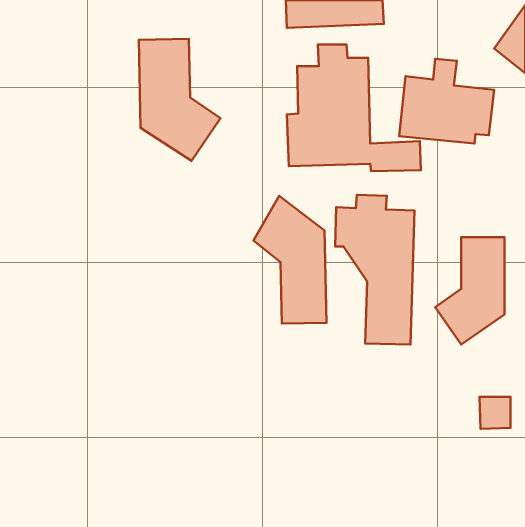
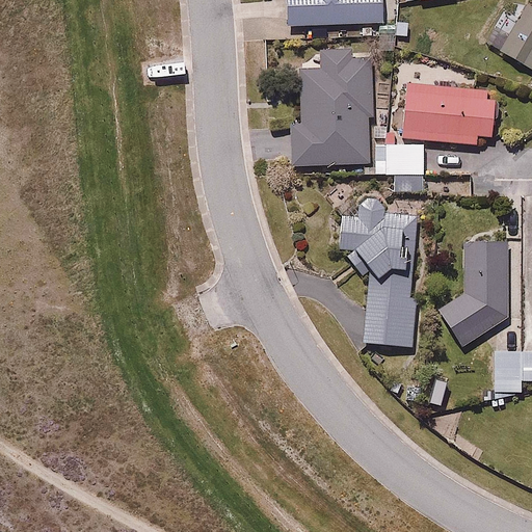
building: [139,39,220,161] -> none
building: [253,196,327,324] -> none
building: [480,397,510,429] -> [494,347,525,379]

